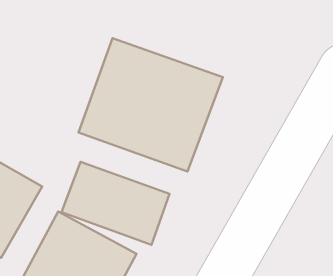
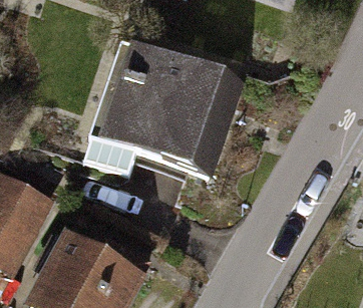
building: [61,162,170,245] -> none

